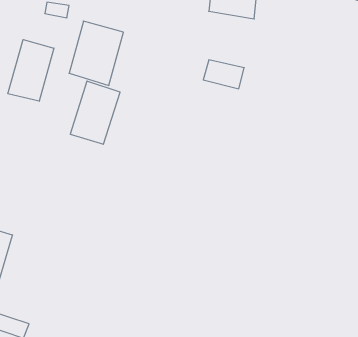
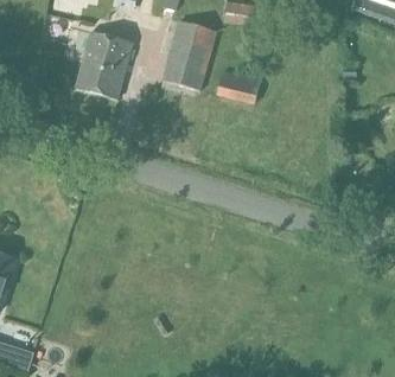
building: [8,40,54,101] -> none
building: [70,81,120,144] -> [163,20,216,88]

